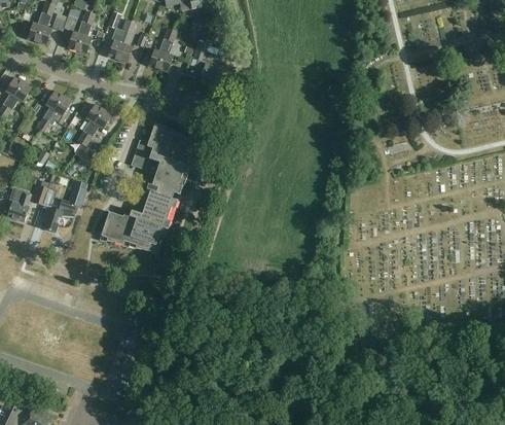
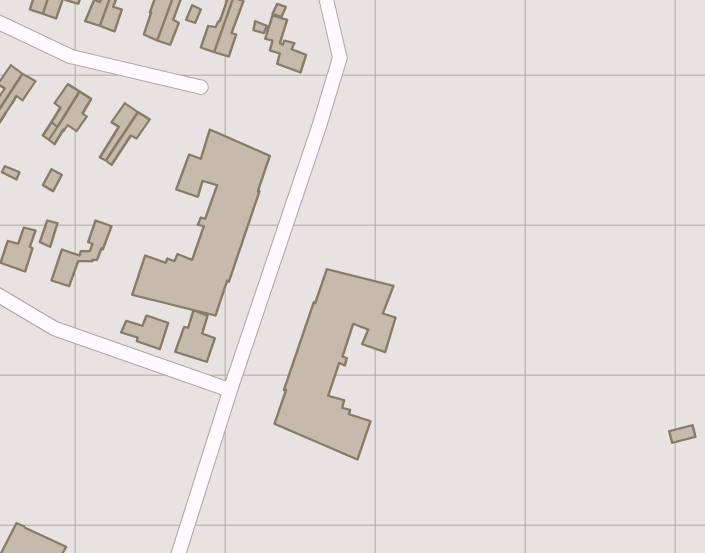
building: none -> [274,269,395,459]
building: none -> [175,310,215,362]
building: none -> [121,315,168,349]

